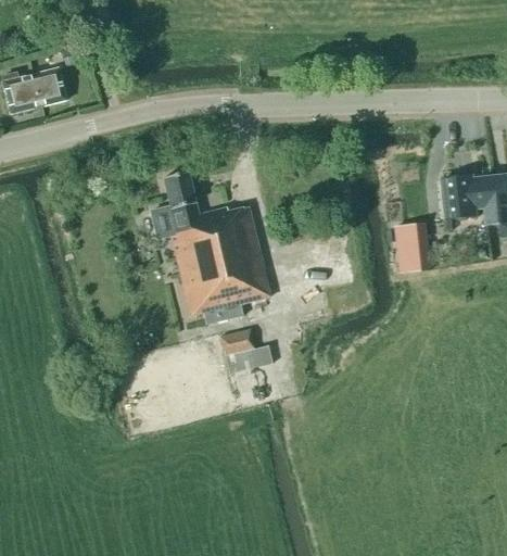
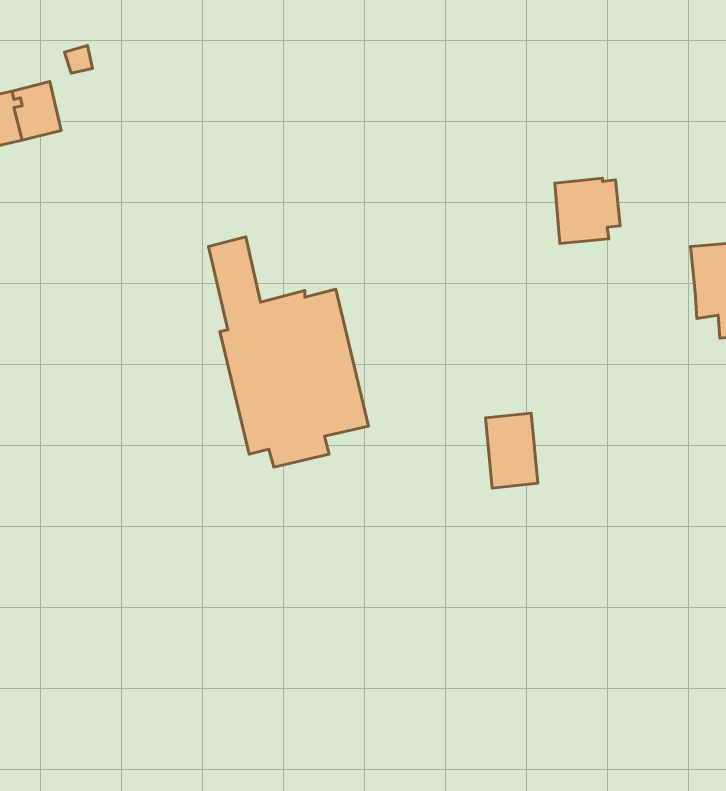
building: [442,176,485,219] -> [555,178,620,244]
building: [395,223,430,273] -> [485,413,538,488]
building: [219,327,272,371] -> none

